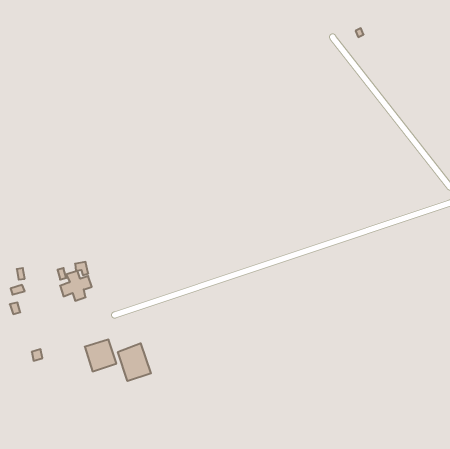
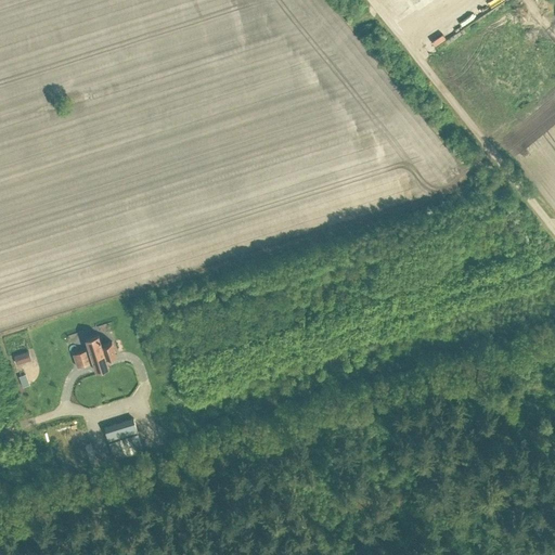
building: [118,343,151,381] -> none

